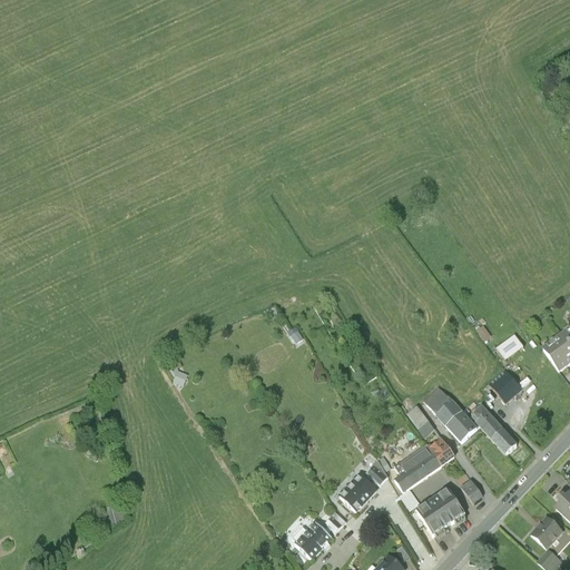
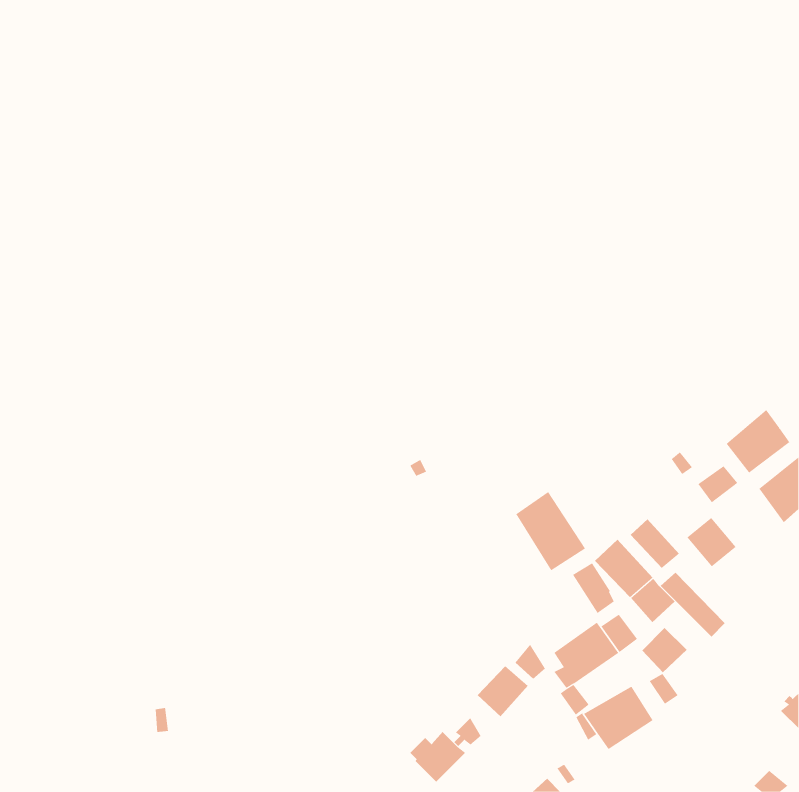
building: none -> [726,409,790,474]
building: none -> [516,491,586,571]
building: none -> [630,518,680,569]
building: none -> [641,627,687,673]
building: [530,517,562,548] -> none

